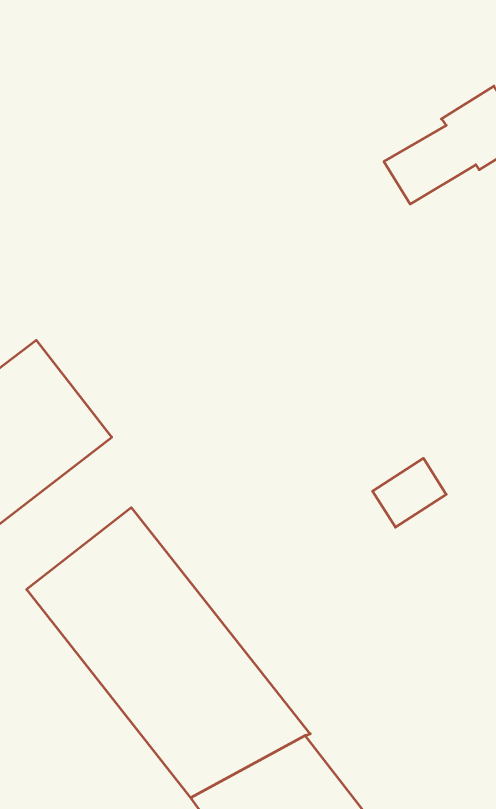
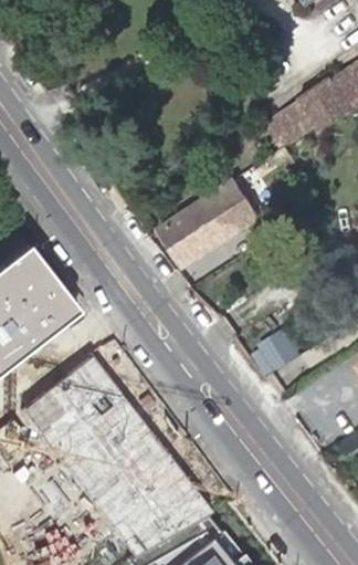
building: none -> [161,179,262,263]

